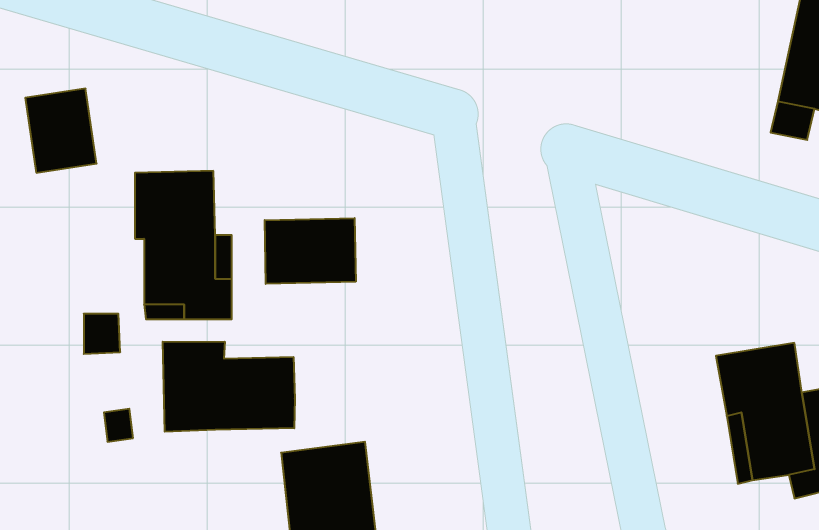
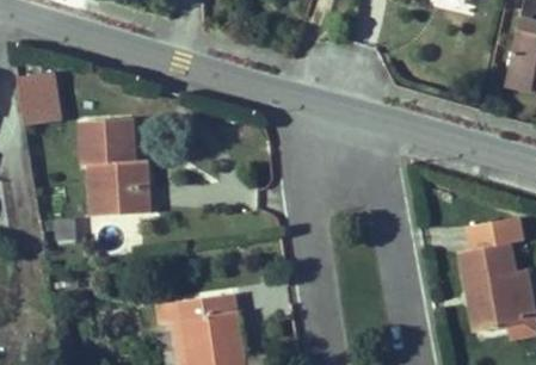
building: [265,218,356,284] -> none
building: [163,342,295,432] -> none

